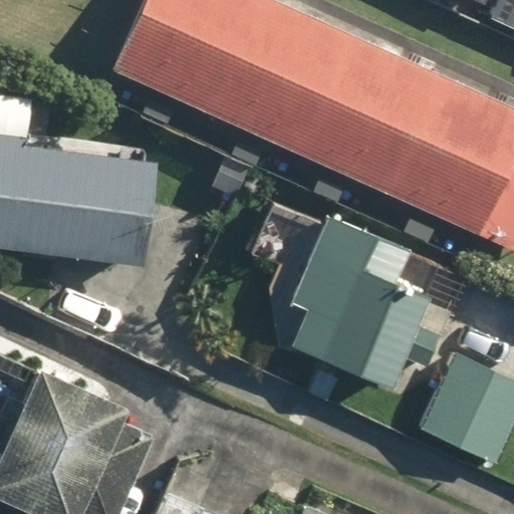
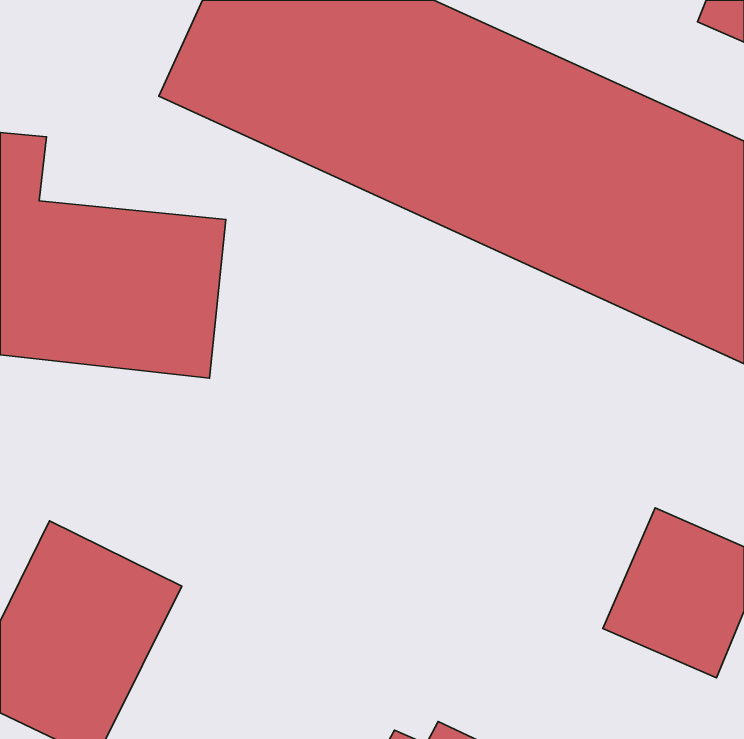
building: [286,222,445,389] -> none

